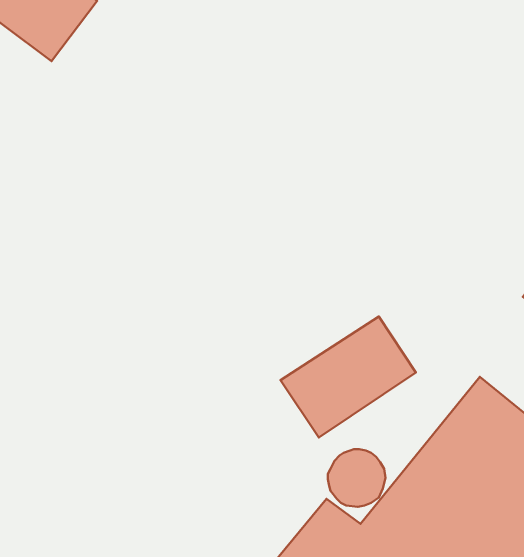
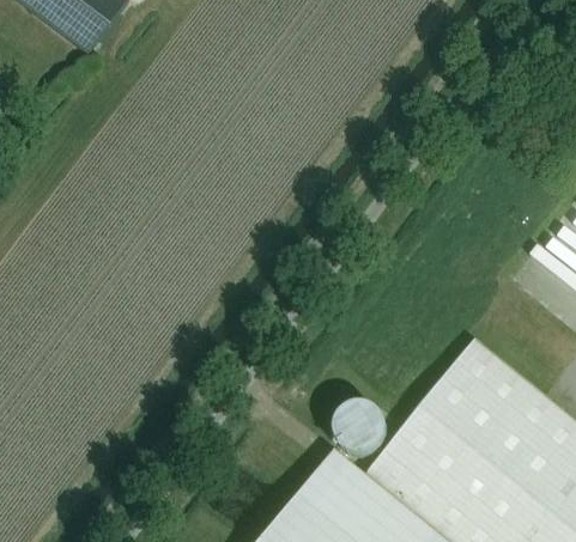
building: [281,316,416,437] -> none

